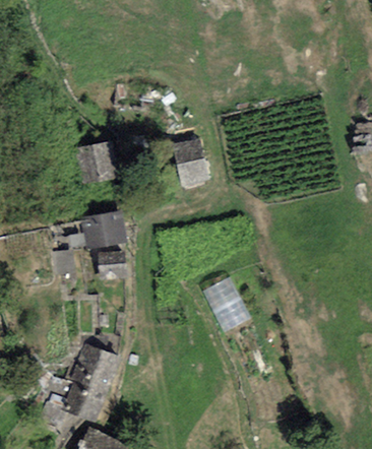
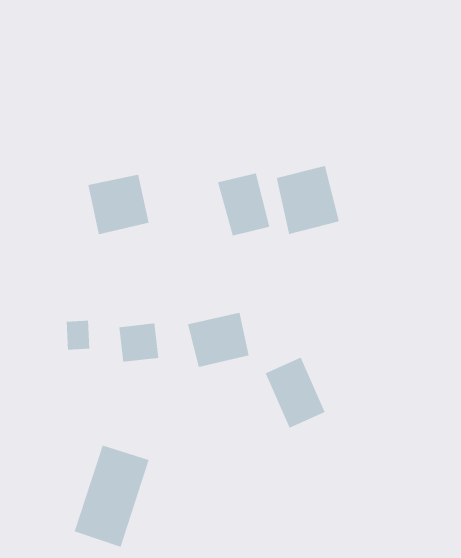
building: none -> [276,165,339,235]
building: [78,209,125,251] -> [187,312,250,368]

